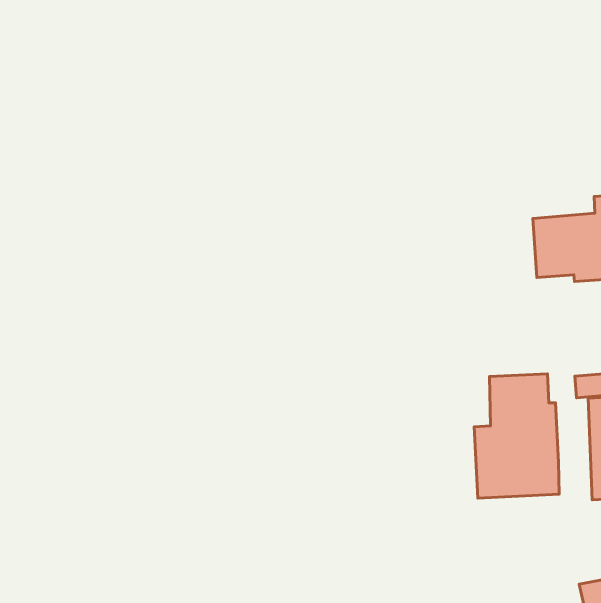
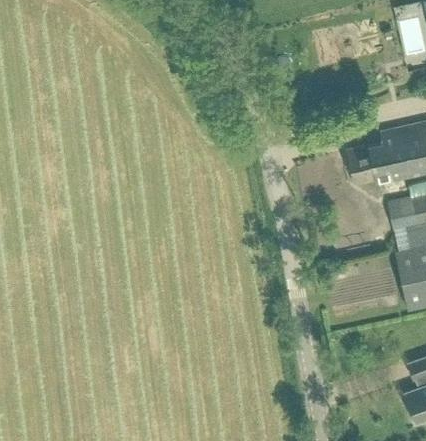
building: [474,374,559,498] -> none

